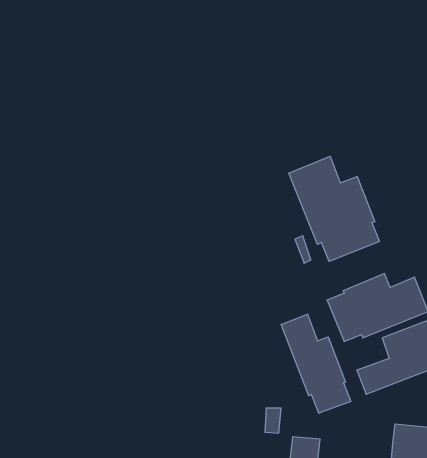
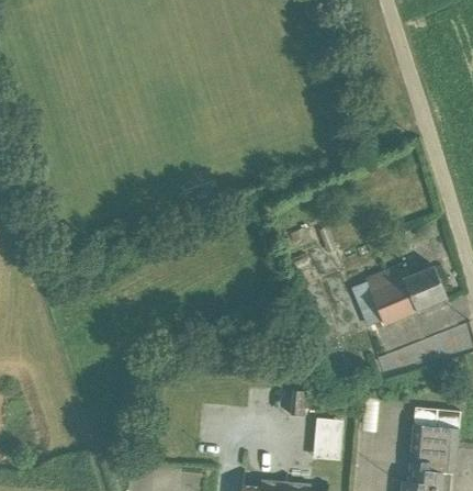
building: [289,156,379,261] -> none
building: [281,314,351,413] -> none

